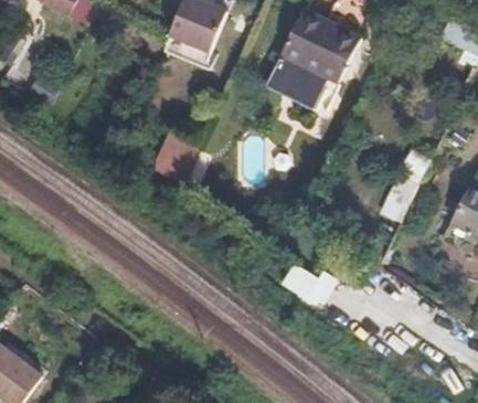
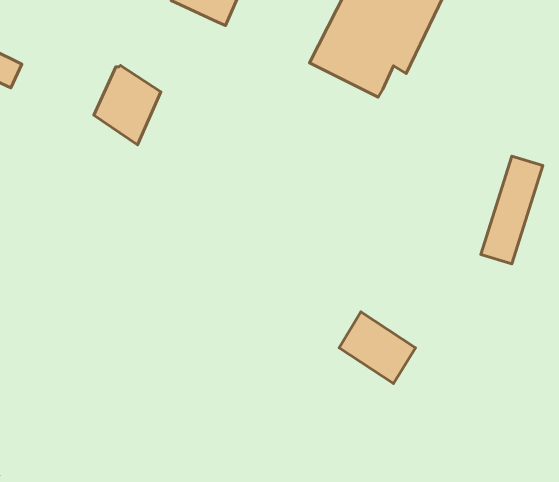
building: [150,128,198,184] -> [94,65,161,145]

